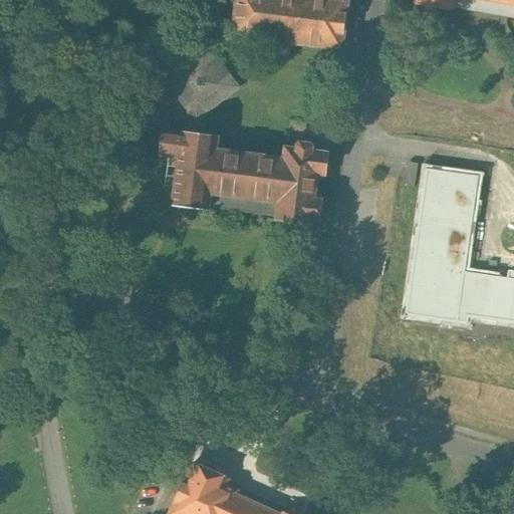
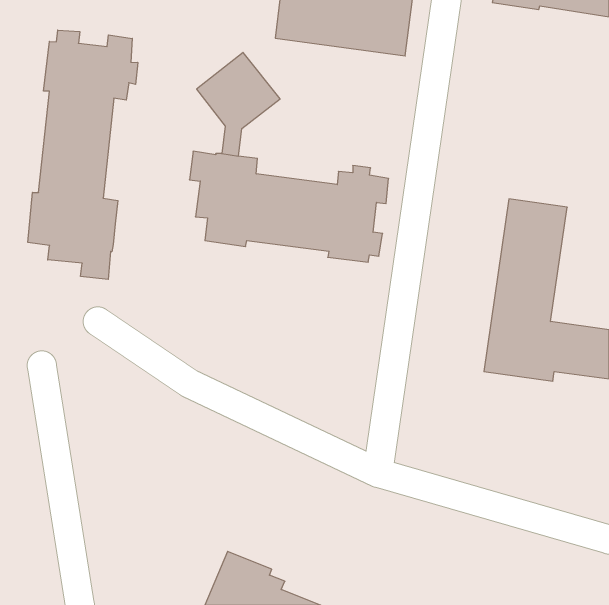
building: none -> [28,30,138,279]

